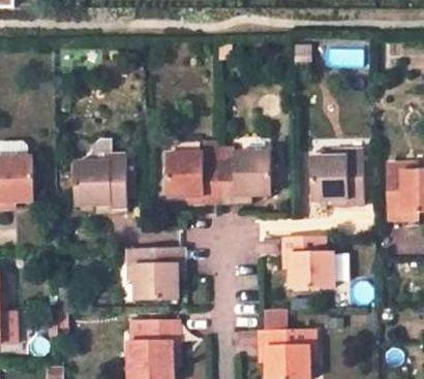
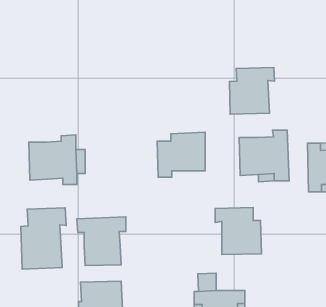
building: none -> [229,68,274,114]
building: [165,153,218,202] -> none
building: none -> [21,208,66,269]

